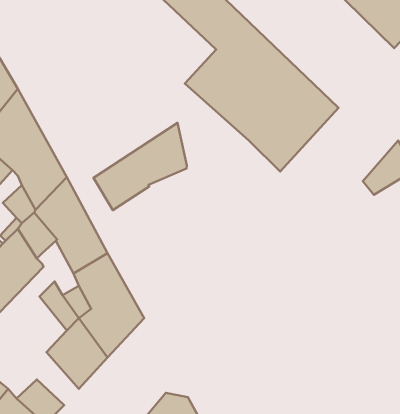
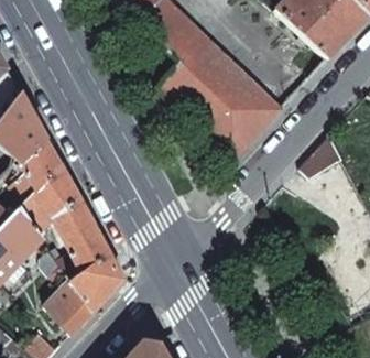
building: [94,123,187,210] -> none

